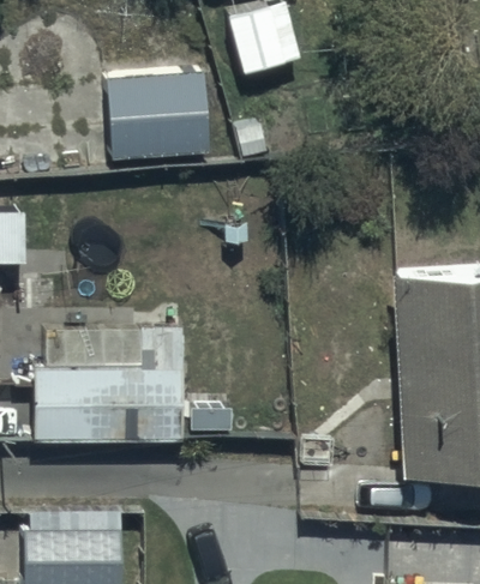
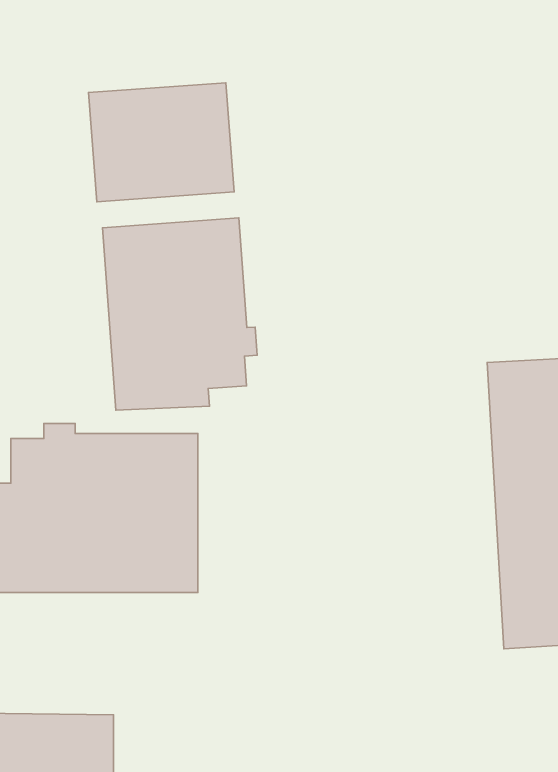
building: none -> [103,218,257,410]

